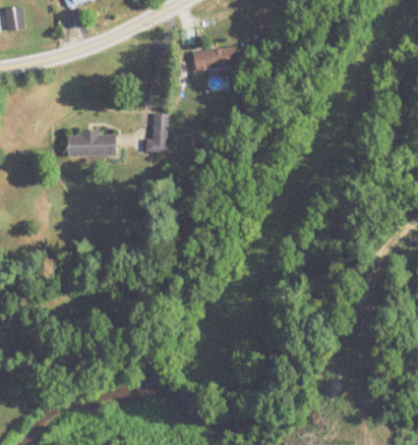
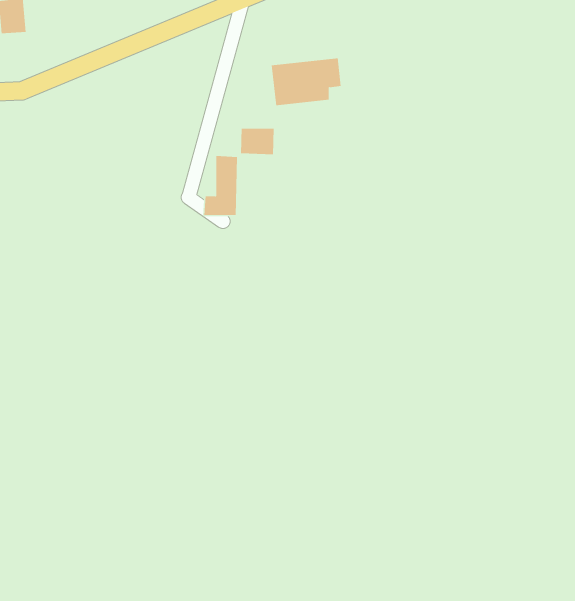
building: none -> [240,128,274,155]
building: [67,131,117,156] -> none

